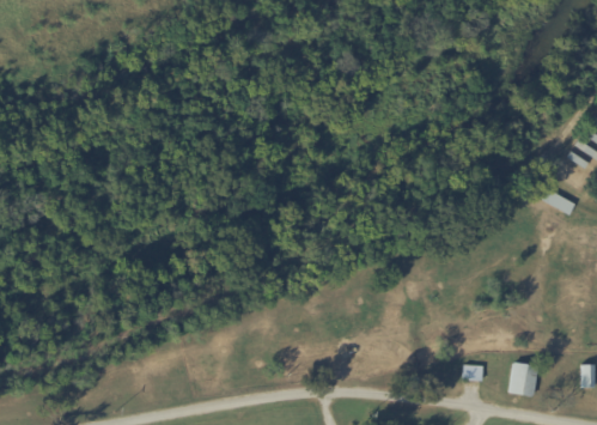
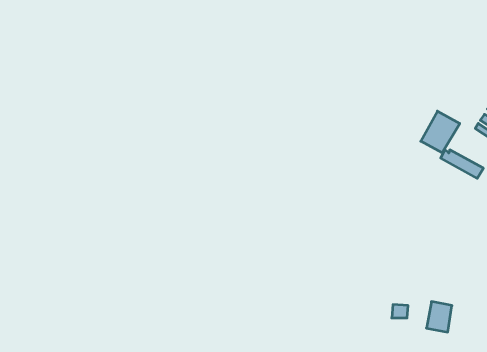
building: none -> [421,111,460,153]

